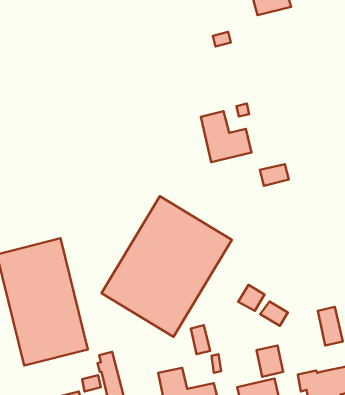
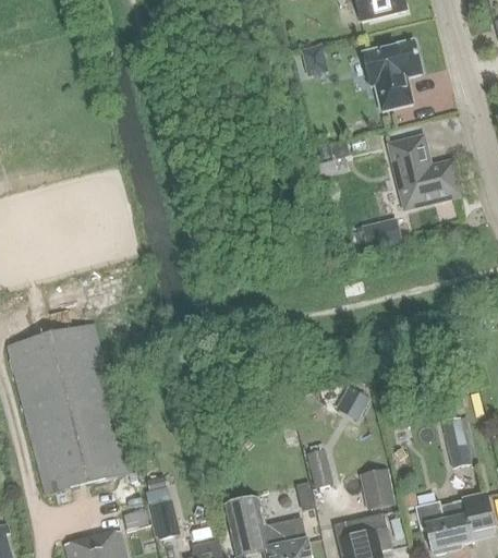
building: none -> [362,39,420,110]
building: [201,111,252,162] -> [390,138,459,207]
building: [102,196,232,337] -> none
building: [260,301,288,326] -> none
building: [191,325,210,354] -> [306,449,332,488]

